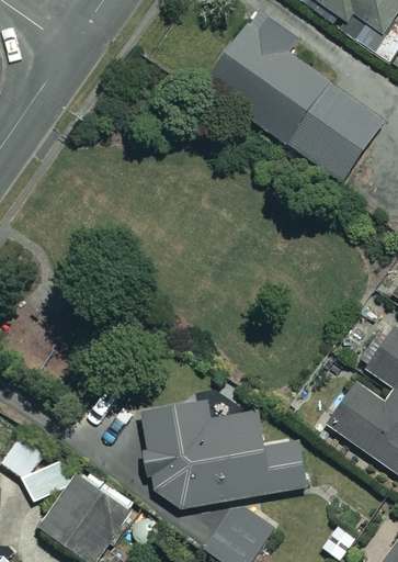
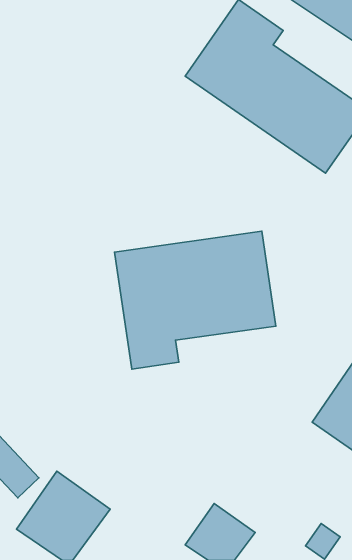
building: none -> [115,231,276,369]
building: [140,401,307,508] -> none

